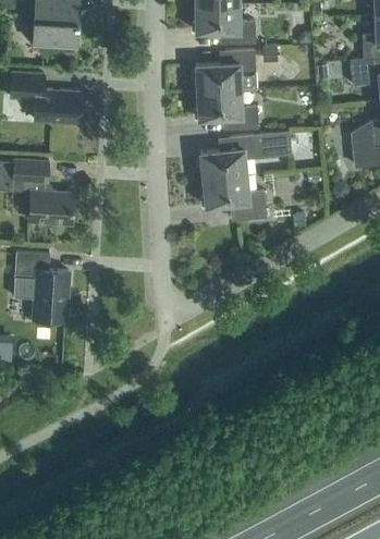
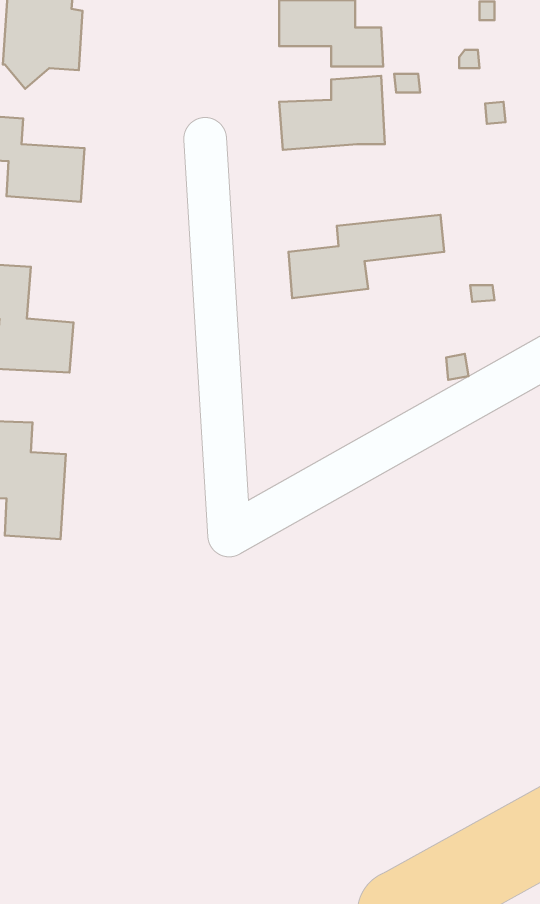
building: [197,89,259,130] -> none
building: [203,174,267,220] -> none

